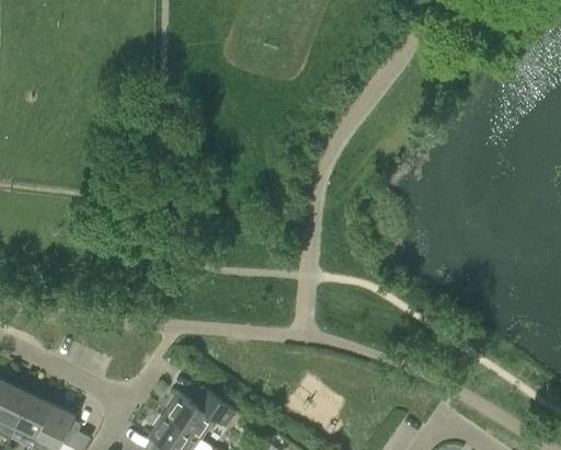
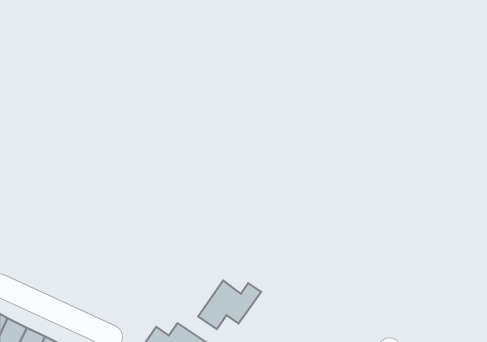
building: none -> [198,281,261,329]

